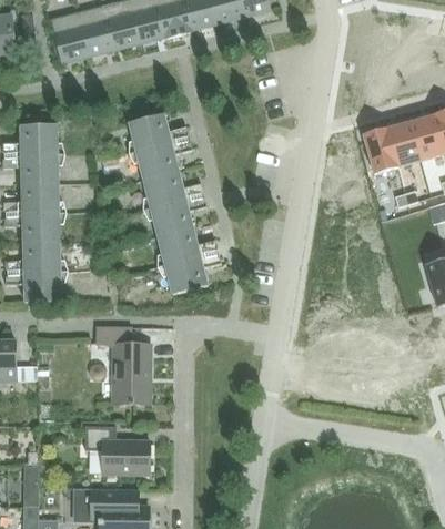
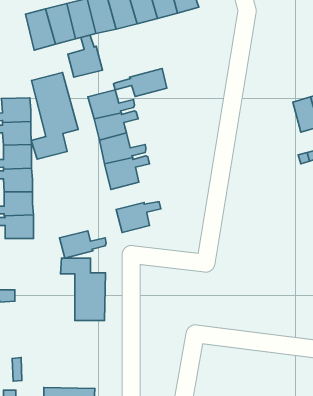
building: none -> [68,35,103,77]
building: none -> [114,69,167,96]
building: none -> [31,72,78,159]
building: [363,130,397,174] -> none
building: [158,231,216,265] -> [60,231,106,258]
building: [84,426,149,475] -> none

